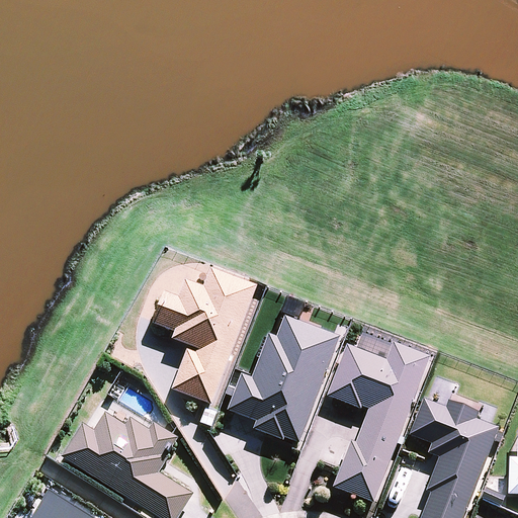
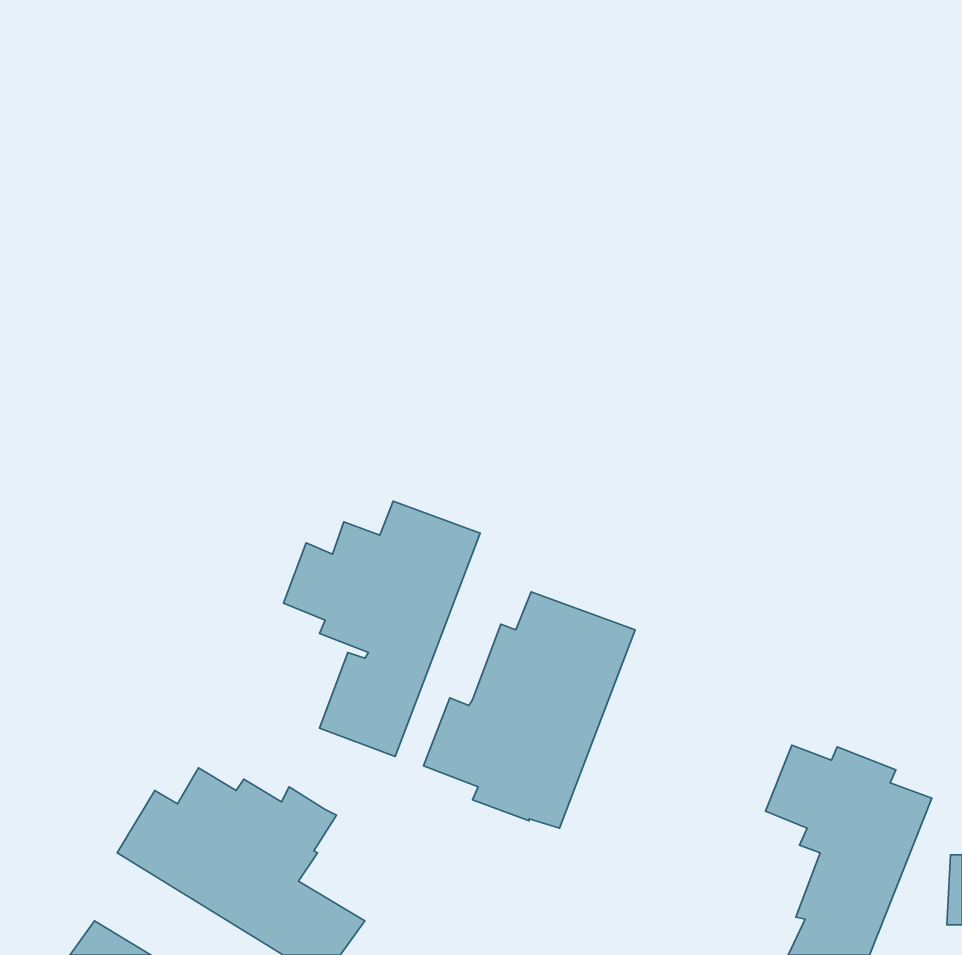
building: [327,343,430,503] -> none

